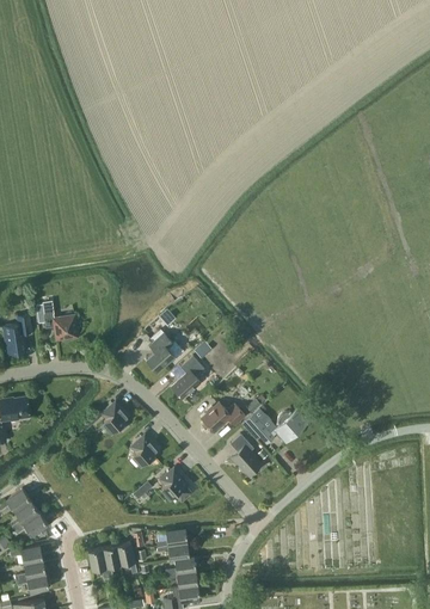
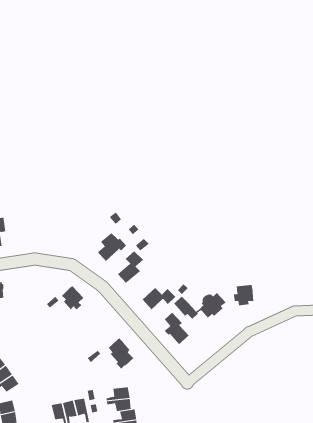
building: [36,303,78,339] -> none
building: none -> [233,284,254,306]
building: [130,433,159,465] -> none

